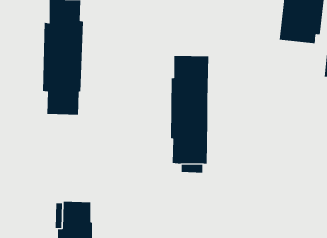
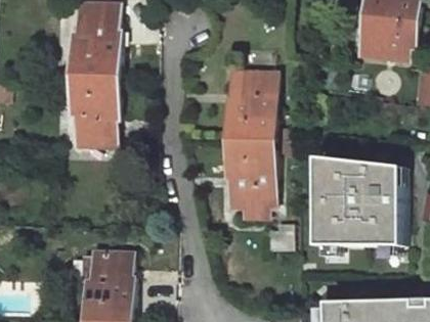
building: none -> [317,156,405,245]

